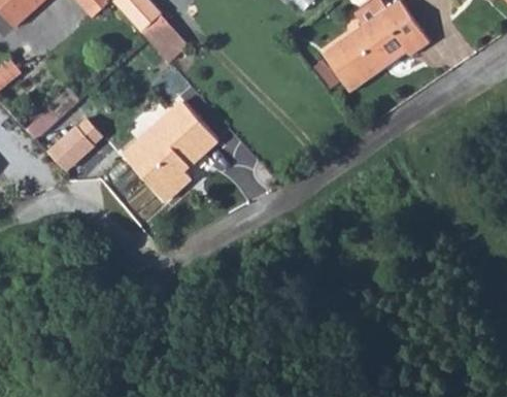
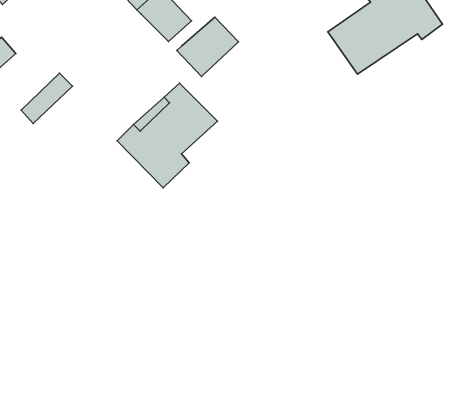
building: none -> [177,17,239,76]
building: [55,114,110,169] -> none

